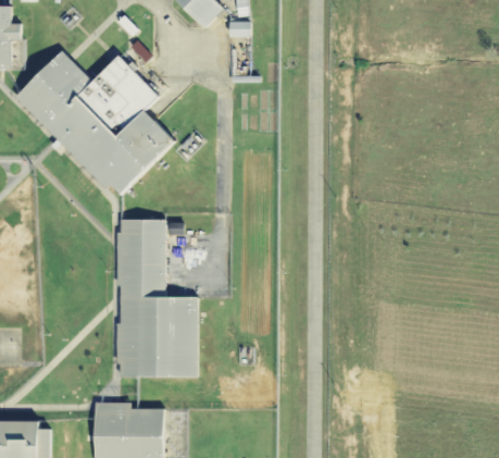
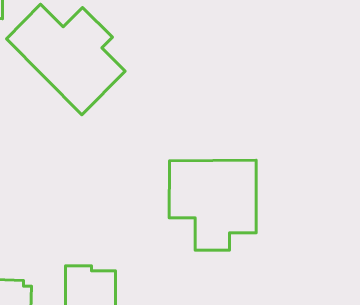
building: [116,219,196,376] -> none
building: none -> [169,160,256,250]

